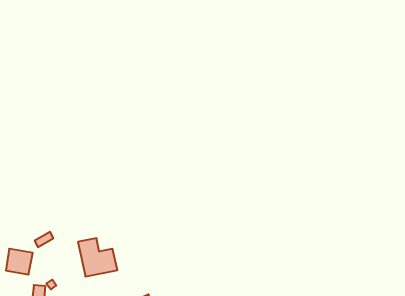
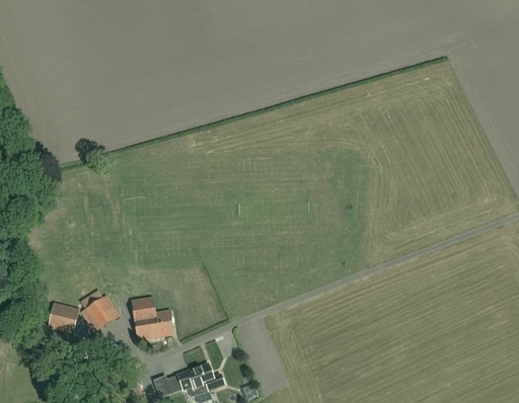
building: none -> [81,296,119,331]

